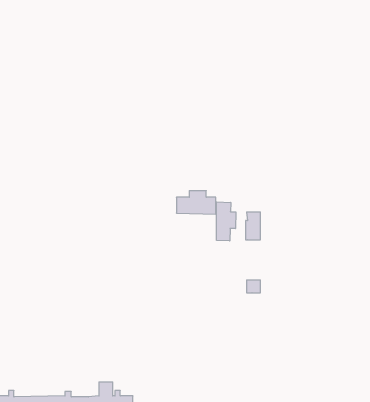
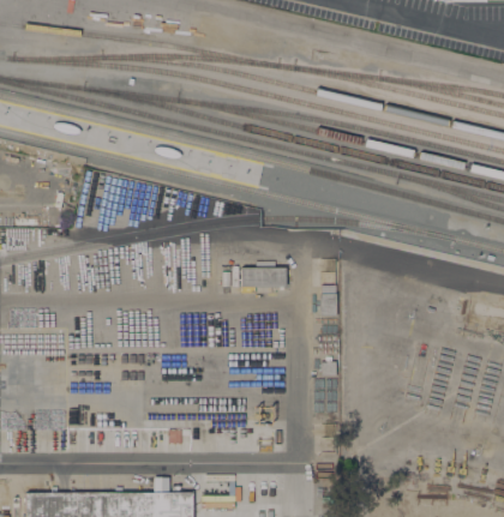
building: [217,202,236,241] -> none

